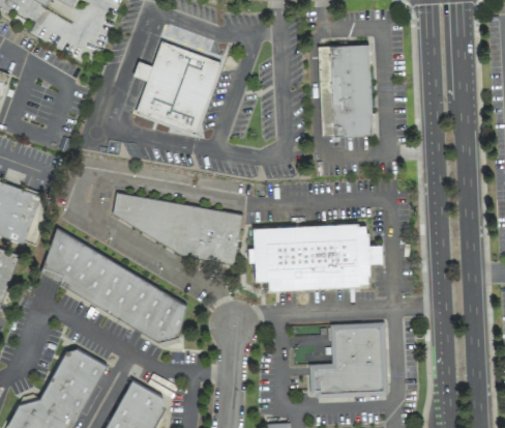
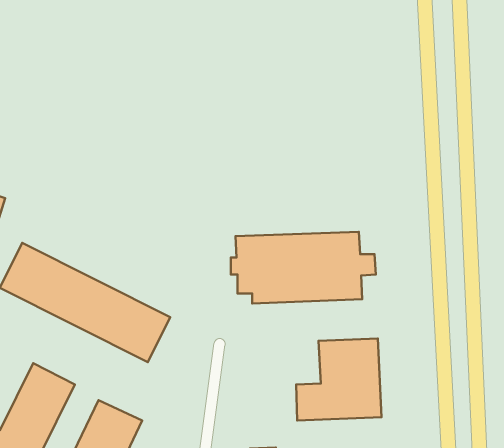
building: [132,41,219,135] -> none
building: [318,45,373,137] -> none
building: [113,194,242,265] -> none

